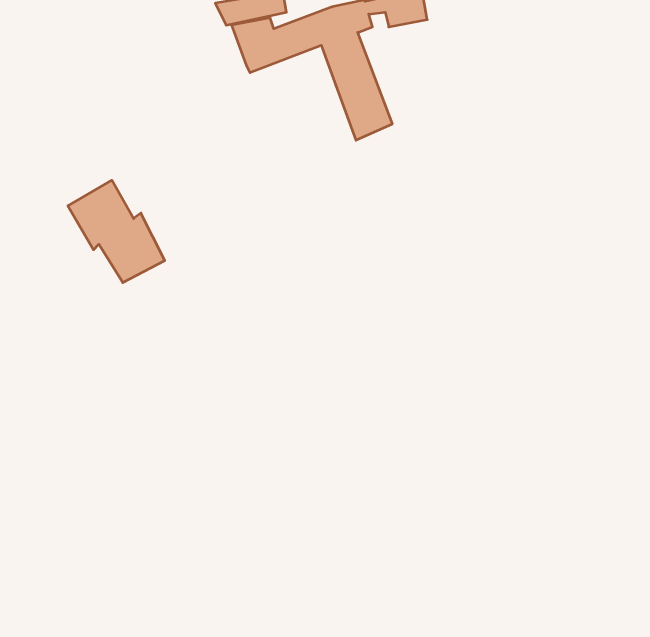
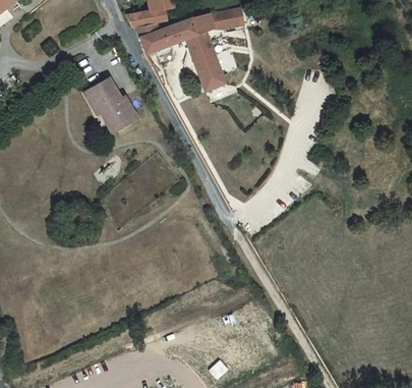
building: [68,180,165,283] -> [83,77,137,134]

